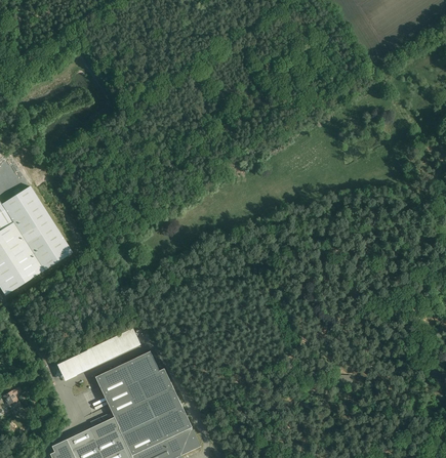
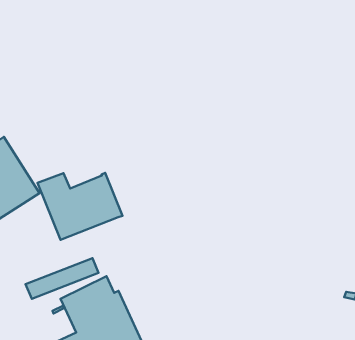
building: none -> [37,173,122,240]

